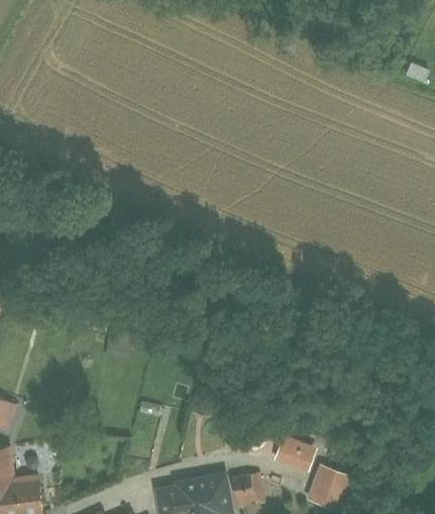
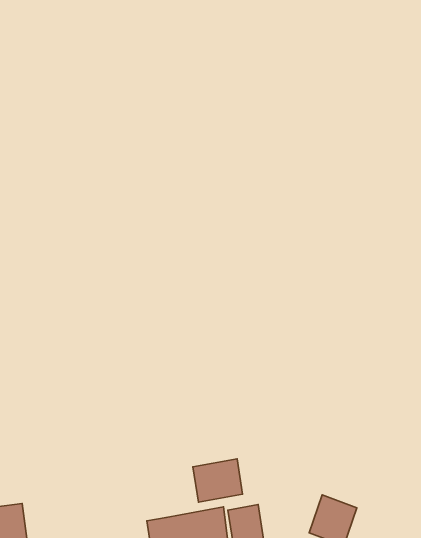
building: none -> [193,459,243,502]
building: [275,435,316,471] -> none

